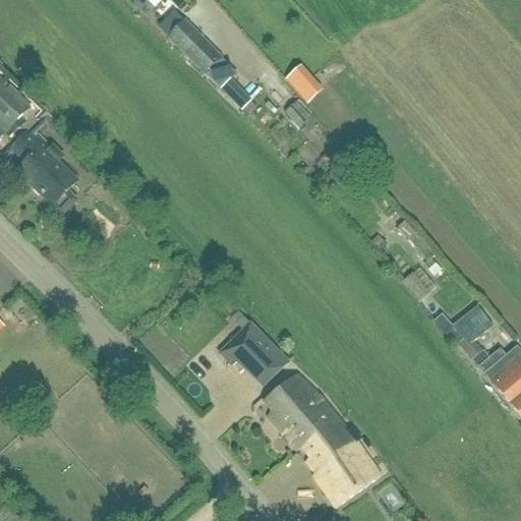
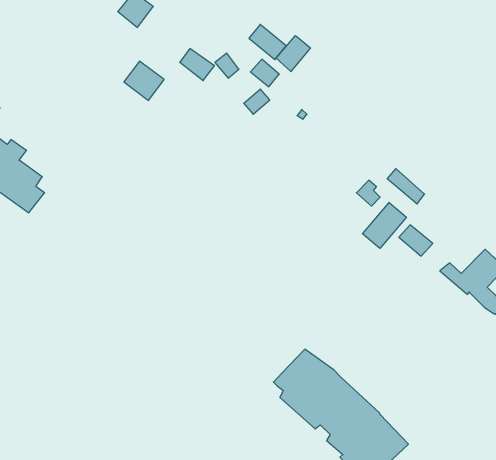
building: [184,35,222,72] -> [124,61,164,100]
building: none -> [276,36,310,72]
building: none -> [362,202,406,248]
building: [219,321,288,383] -> none

